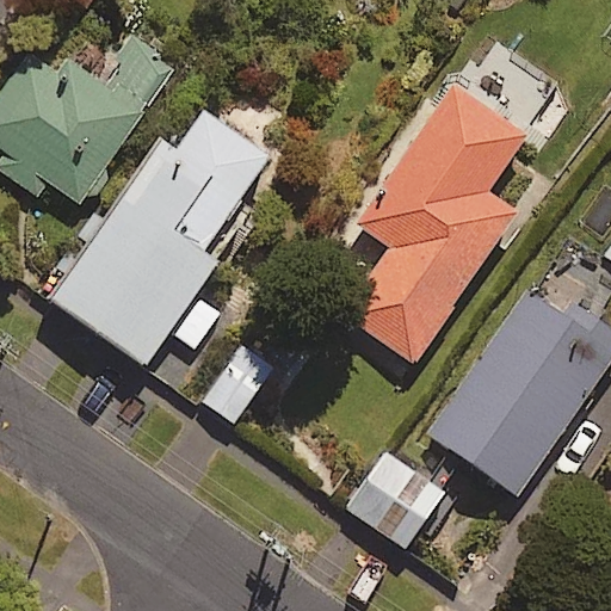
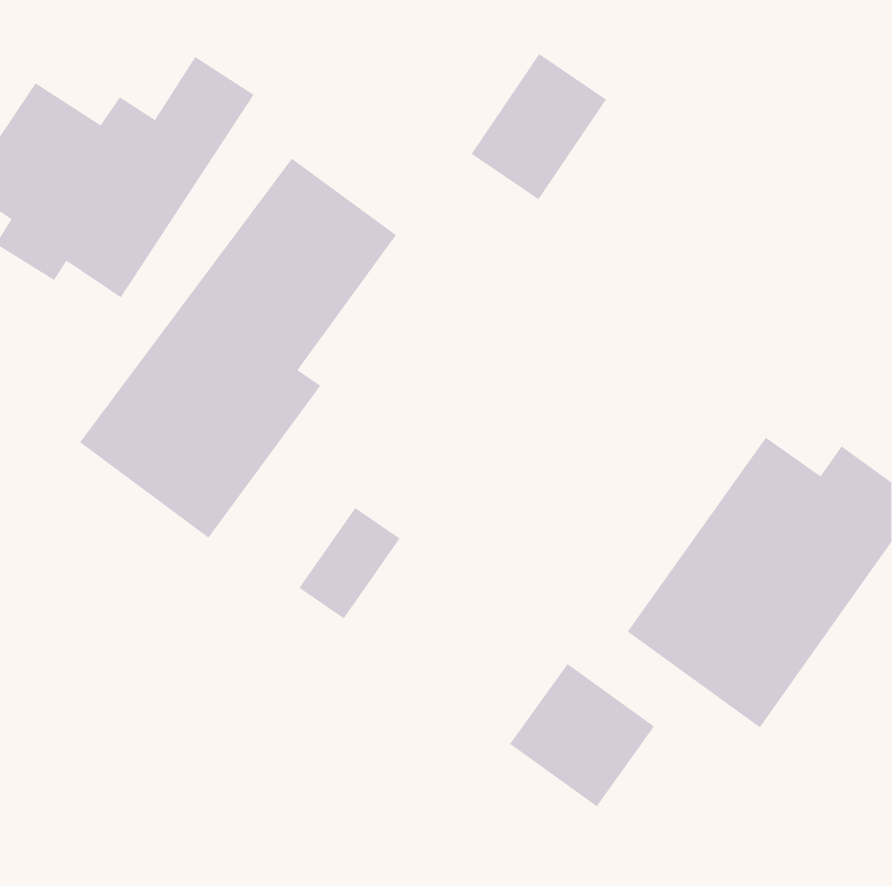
building: none -> [471,53,607,200]
building: [340,95,550,364] -> none

